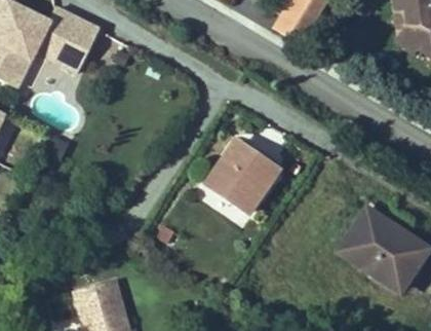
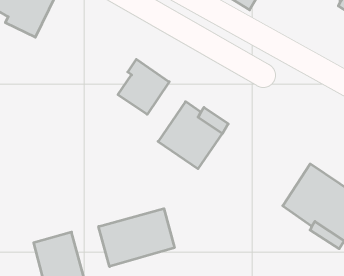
building: none -> [118,59,169,114]
building: none -> [99,209,174,267]

